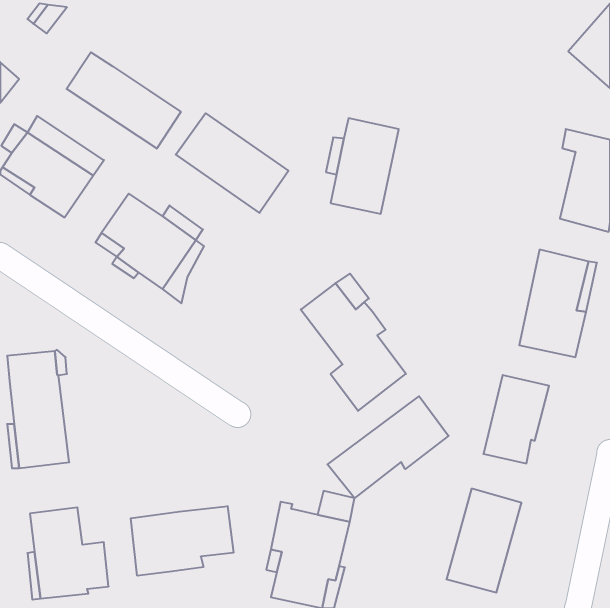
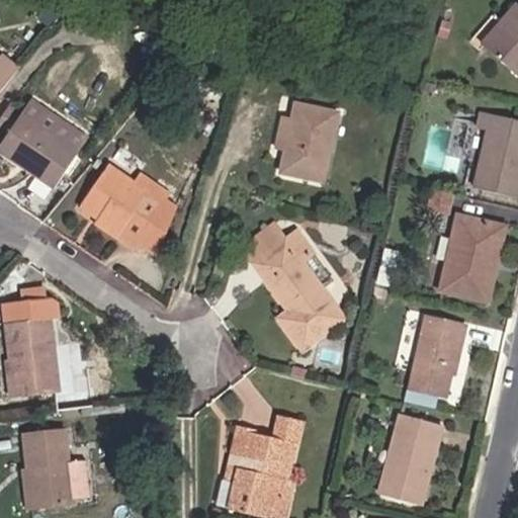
building: [67,52,181,149] -> none
building: [176,113,288,213] -> none
building: none -> [242,222,284,262]
building: [327,396,449,498] -> none
building: [131,506,233,576] -> none

